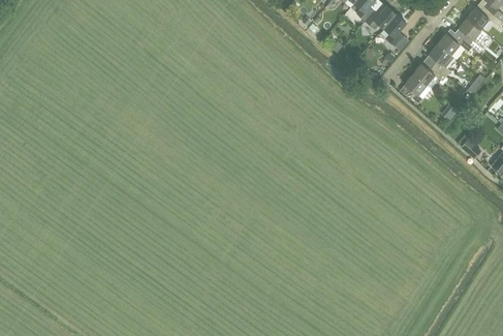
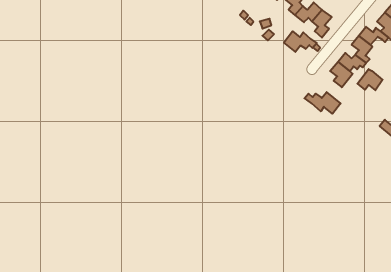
building: none -> [284,31,317,52]
building: none -> [357,69,383,90]
building: none -> [304,92,341,114]

